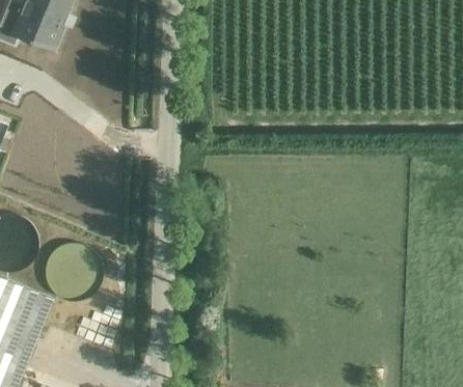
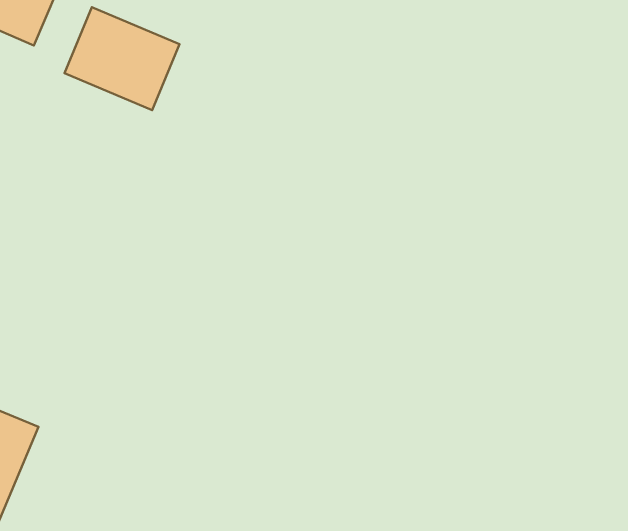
building: none -> [65,7,179,110]

